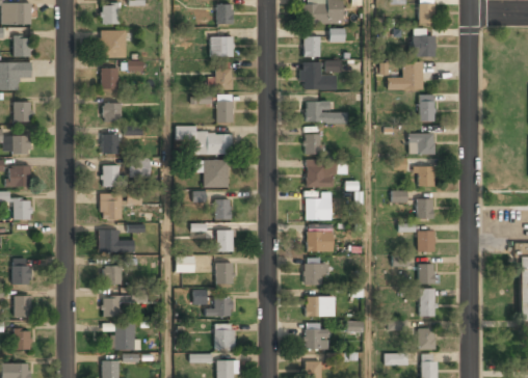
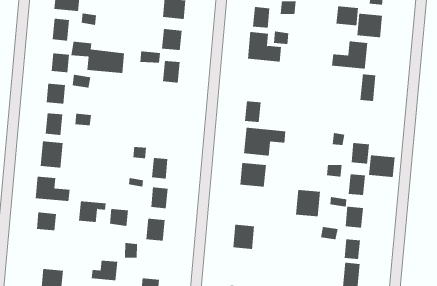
building: none -> [336,6,359,26]
building: [306,101,346,123] -> none
building: [177,126,232,154] -> [71,41,125,74]
building: [408,133,434,154] -> [368,155,396,178]
building: [204,159,229,187] -> none
building: [308,224,332,250] -> [295,189,321,217]
building: [103,295,130,316] -> [78,201,107,223]
building: [306,296,336,316] -> none
building: [206,297,232,317] -> [91,260,118,281]

